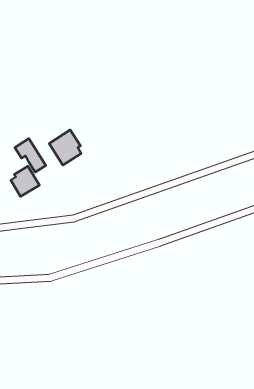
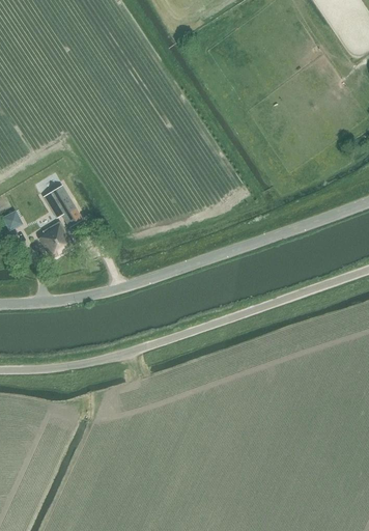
building: [49,130,81,165] -> none

